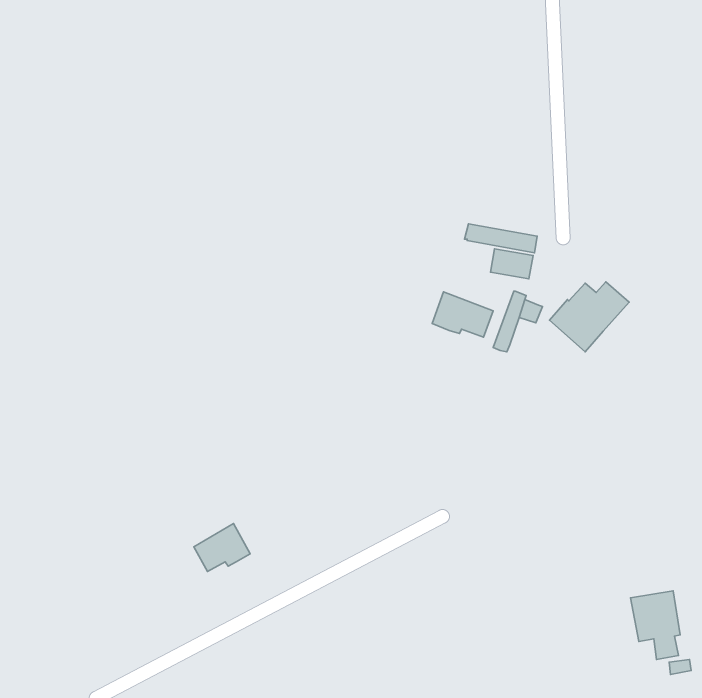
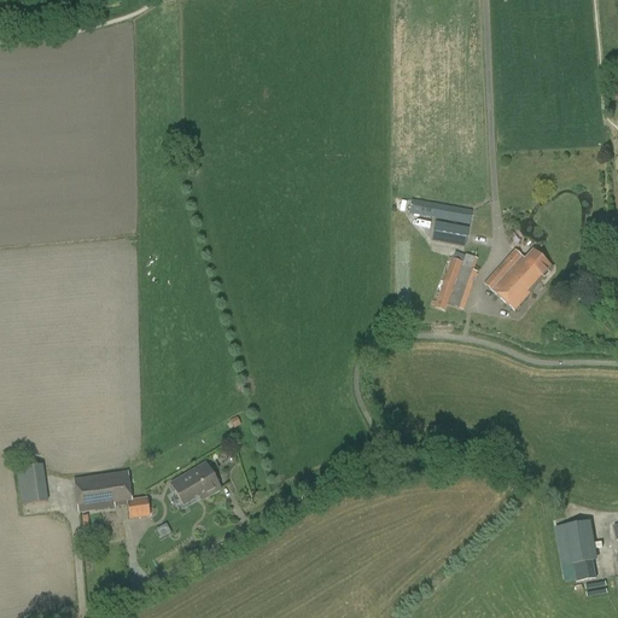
building: [432,292,493,337] -> none
building: none -> [18,462,48,502]
building: none -> [72,468,148,515]

